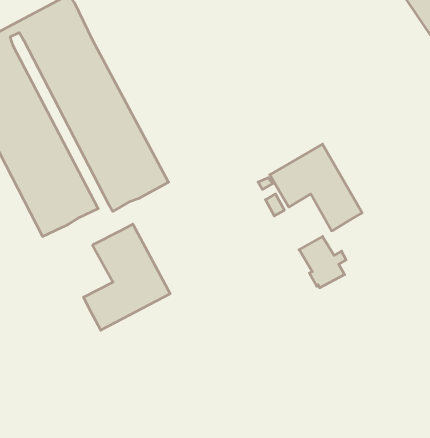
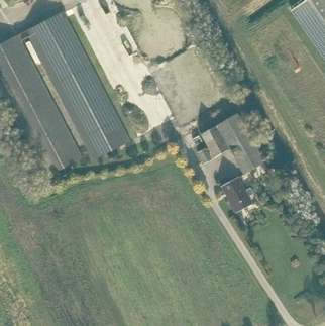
building: [84,224,170,330] -> none

